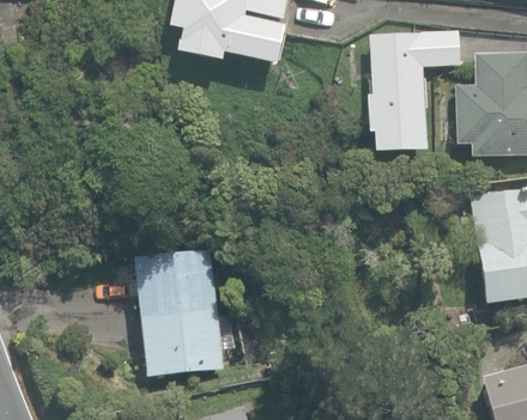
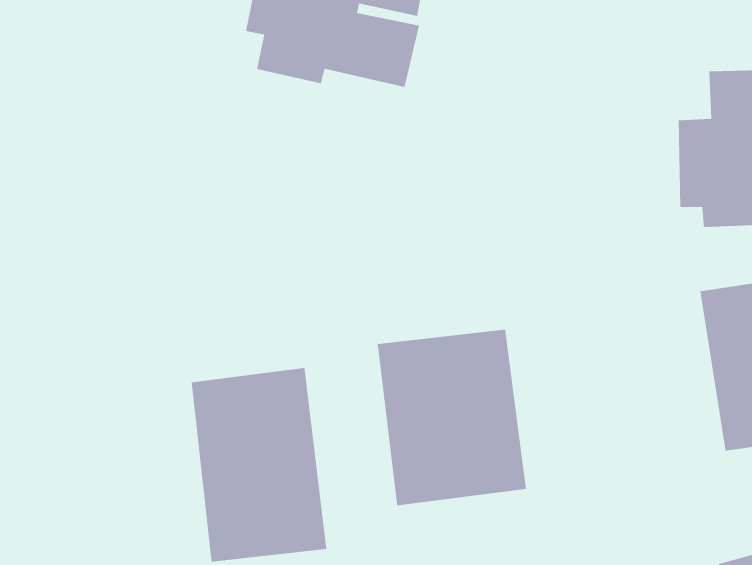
building: [367,30,461,152] -> none
building: none -> [377,329,526,506]

